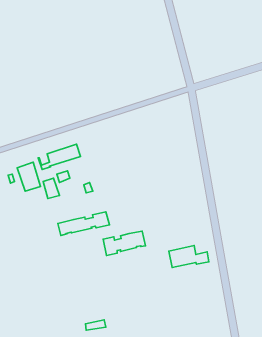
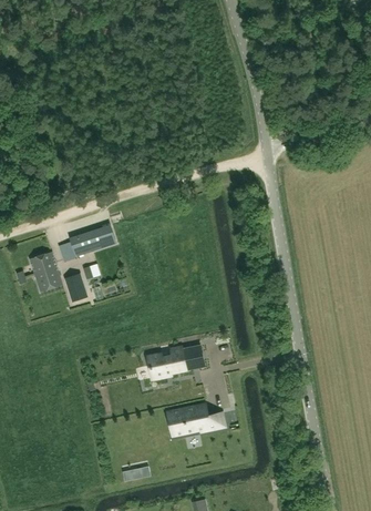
building: [58,212,109,236] -> none
building: [169,245,209,267] -> [168,403,223,433]

